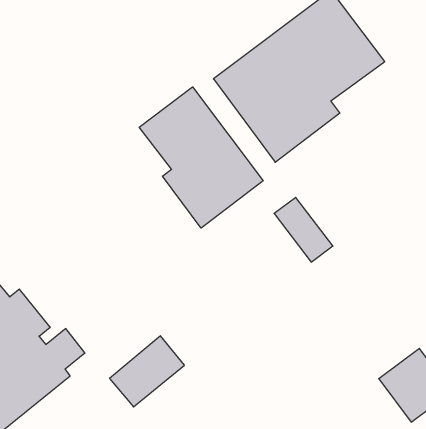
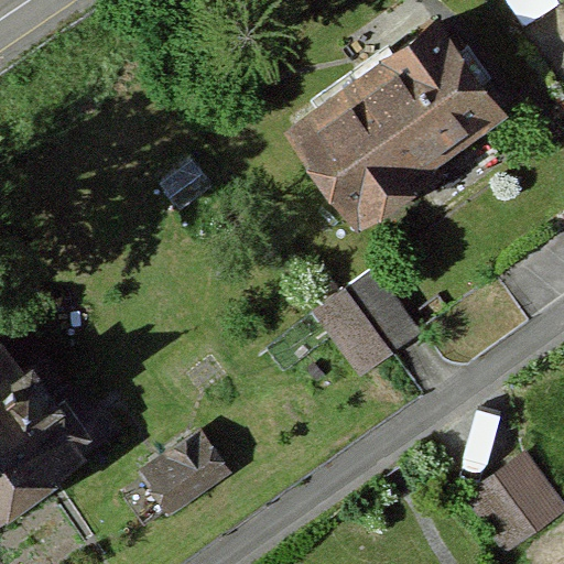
building: [139,87,263,228] -> none

